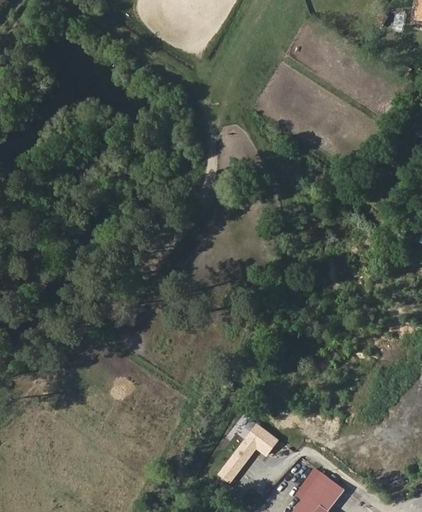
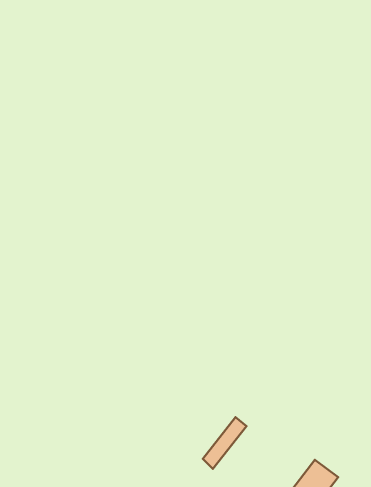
building: [245,421,275,448] -> none

